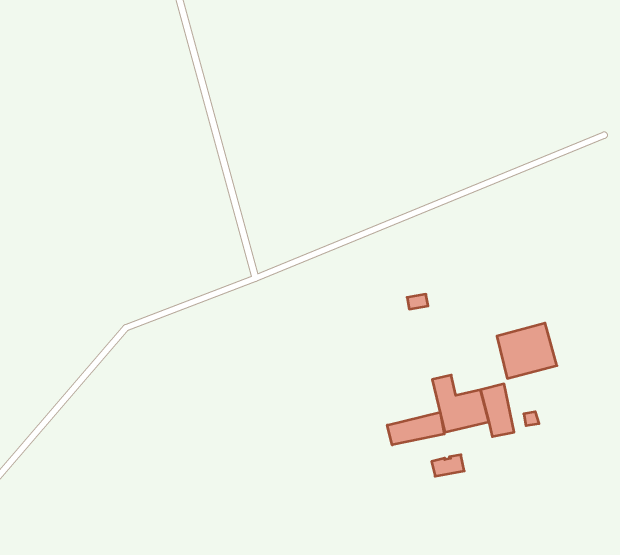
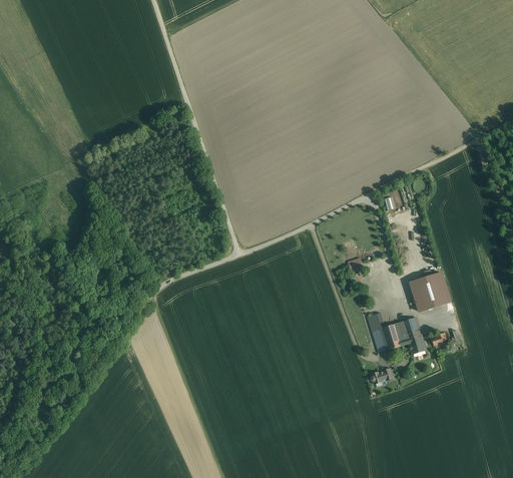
building: [387,412,444,445] -> none

